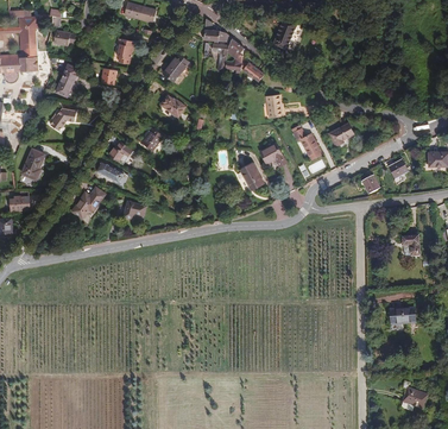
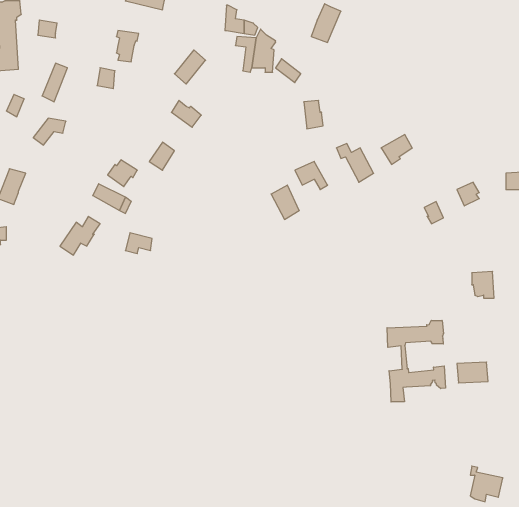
building: none -> [387,320,445,402]

